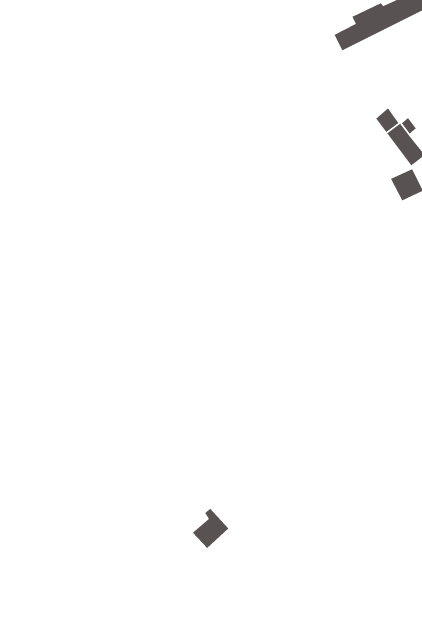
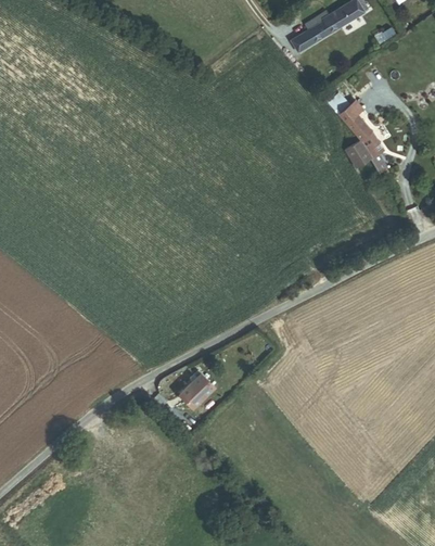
building: [192,508,229,549] -> [183,371,213,404]

